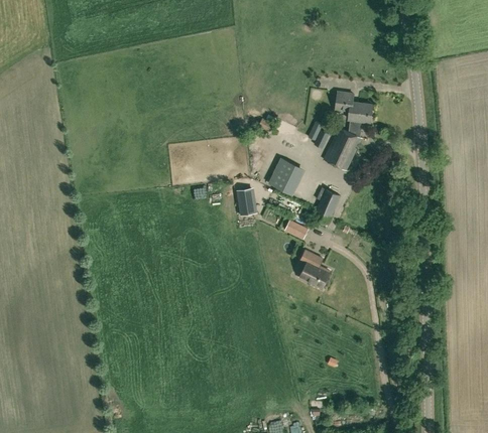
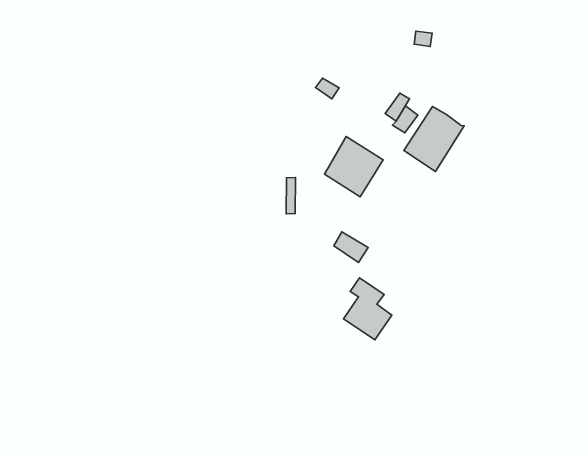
building: [335,92,372,137] -> none
building: [313,188,339,222] -> none

